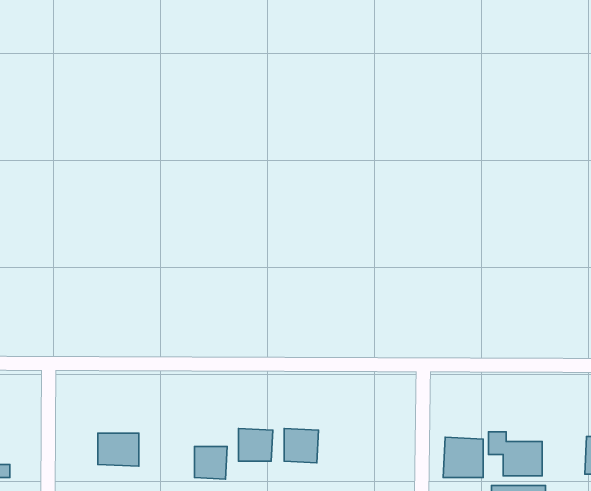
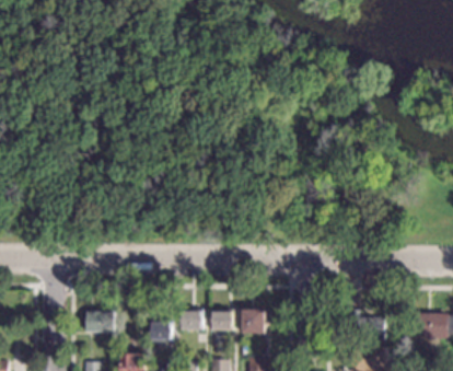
building: none -> [242,309,265,333]
building: [443,437,483,477] -> none

